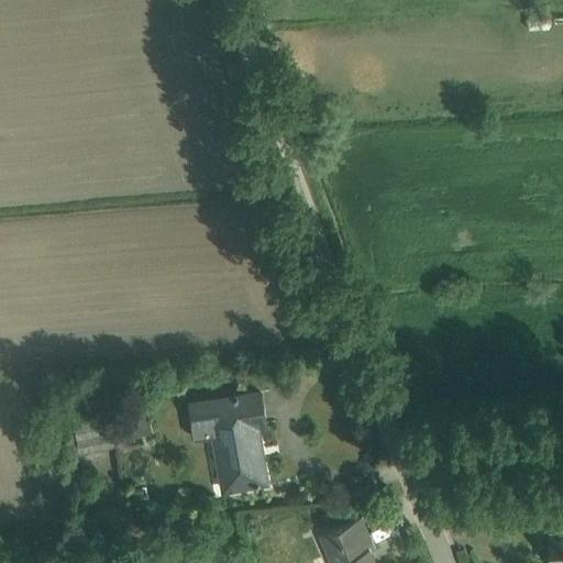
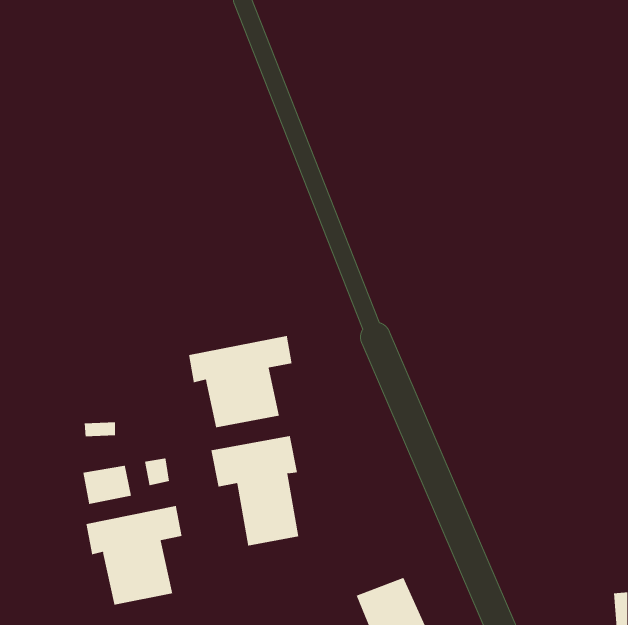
building: none -> [189,335,292,428]
building: none -> [86,505,182,606]

